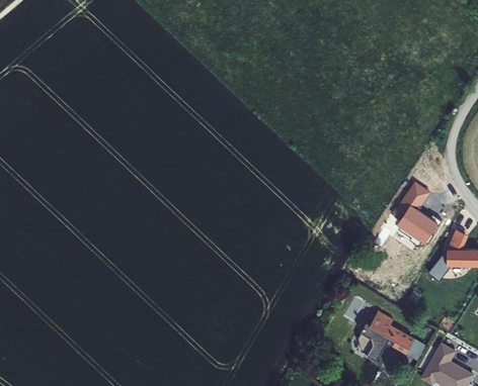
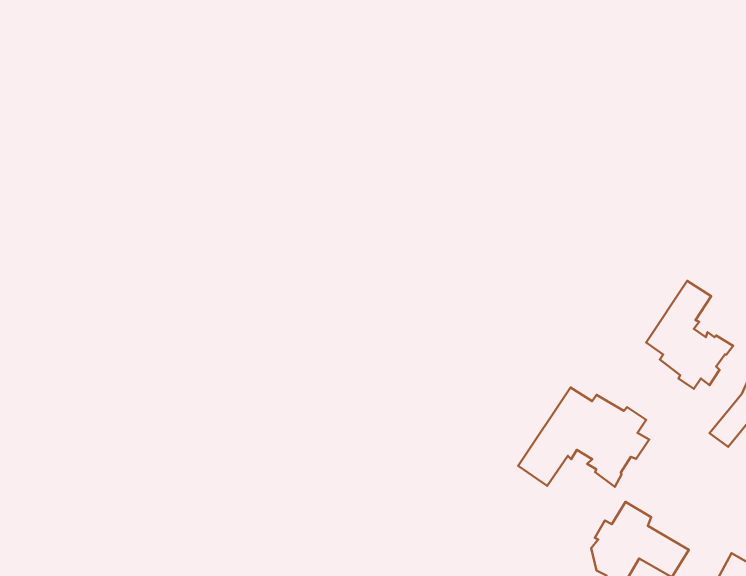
building: none -> [518,387,649,487]

